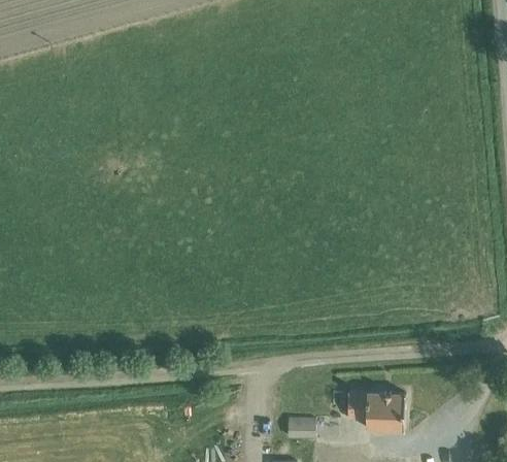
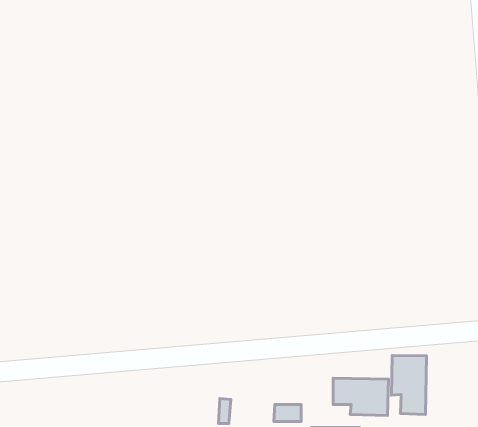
building: none -> [392,356,427,415]

